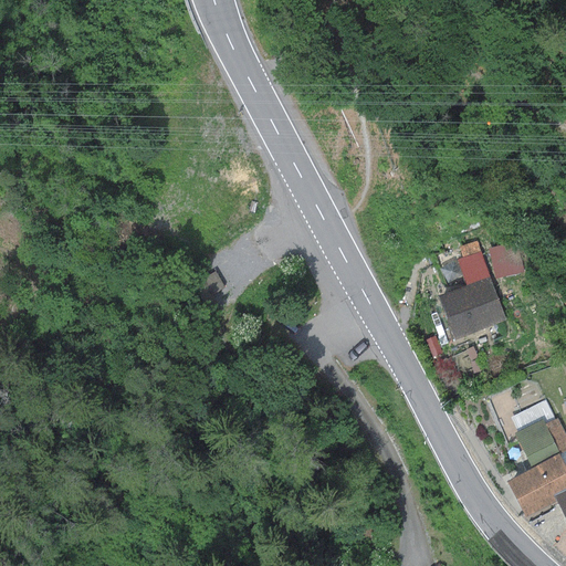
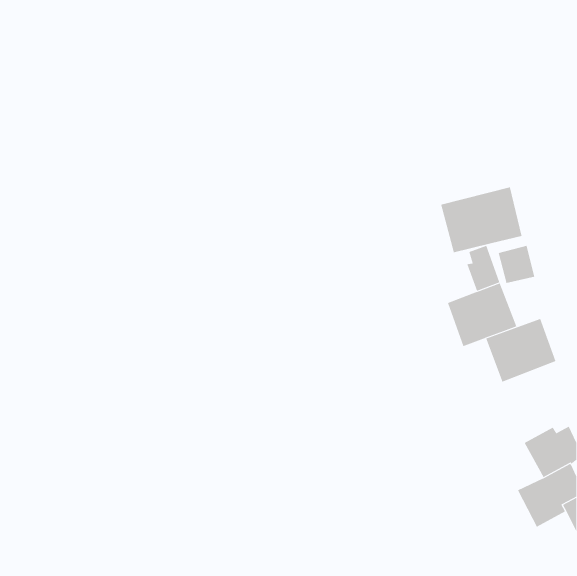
building: none -> [440,187,522,253]
building: none -> [486,318,556,382]

